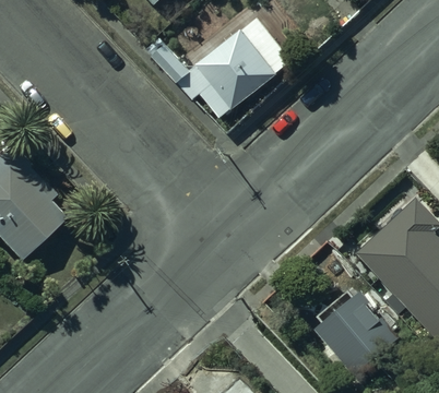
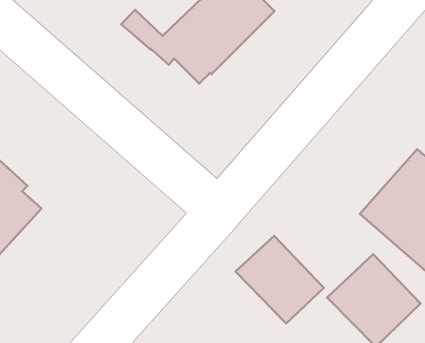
building: none -> [236,236,324,324]

